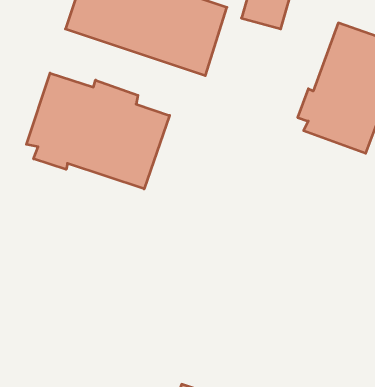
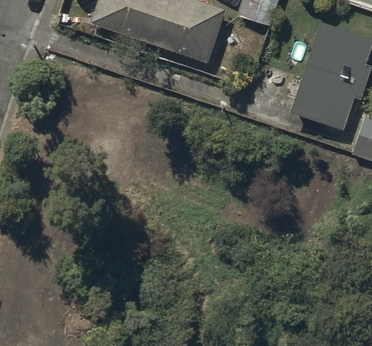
building: [26,73,170,189] -> none

